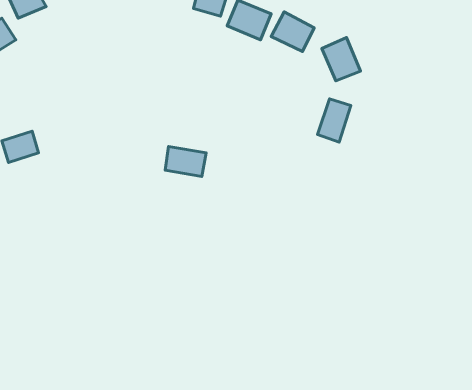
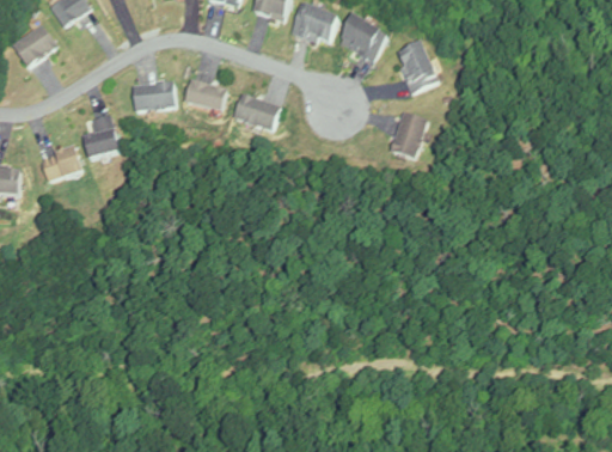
building: none -> [184,78,227,111]
building: none -> [131,81,175,110]
building: none -> [82,114,118,158]
building: [165,147,206,177] -> [234,94,280,128]

